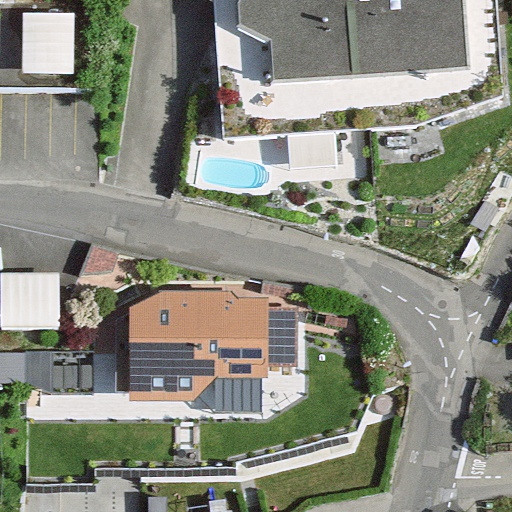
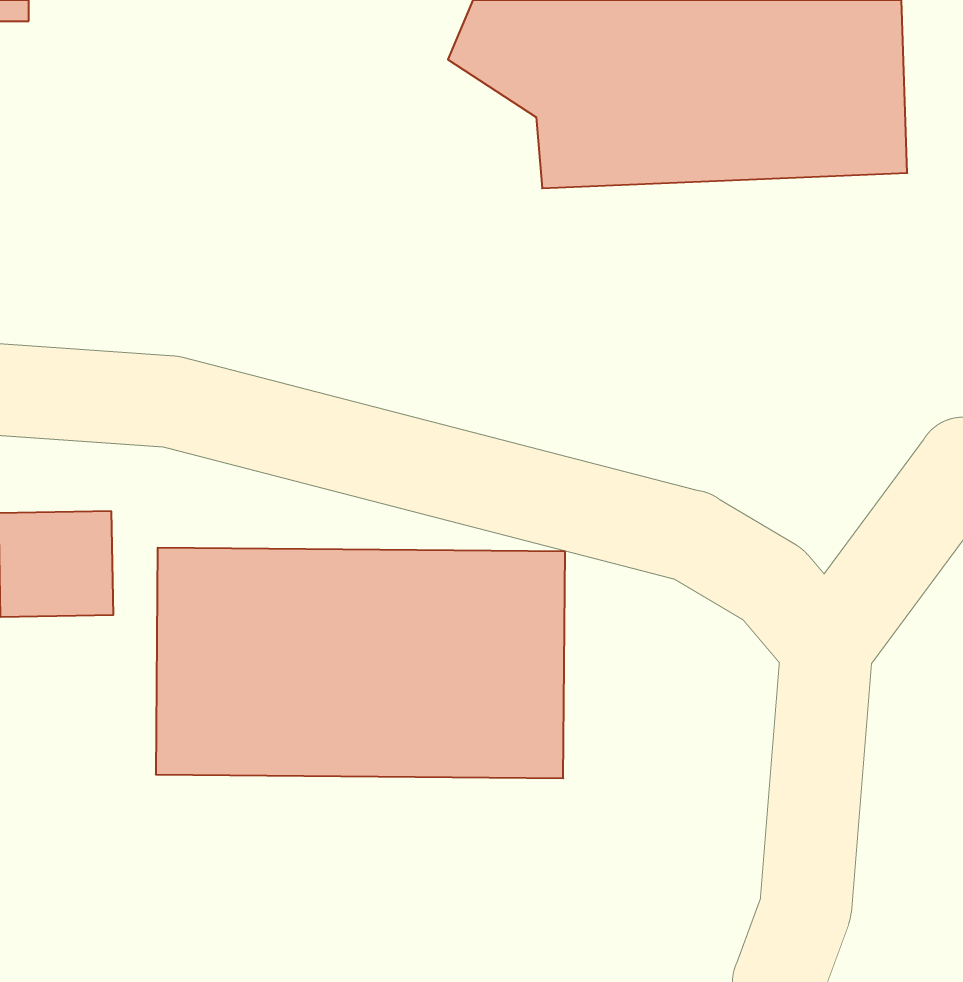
building: [18,6,73,67] -> none

